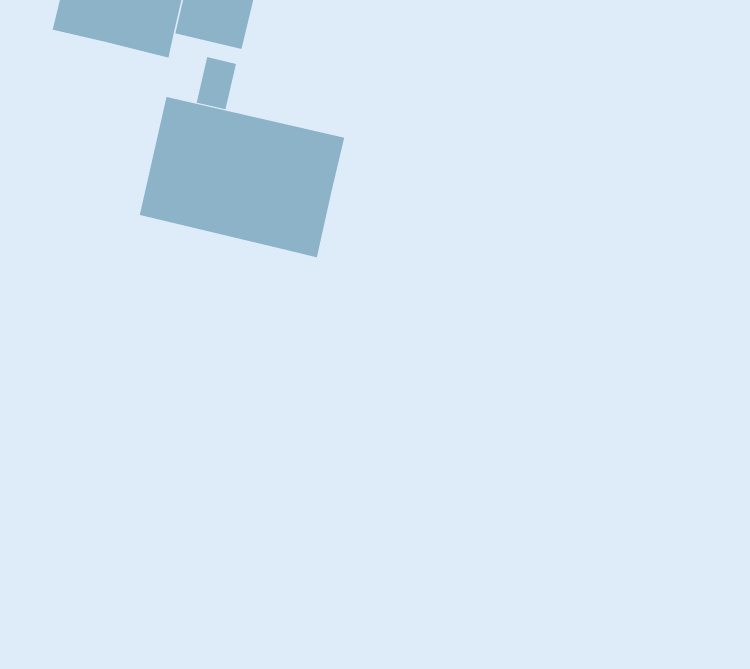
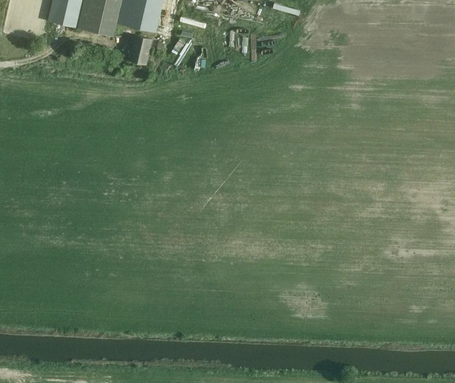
building: [139,96,345,258] -> none

